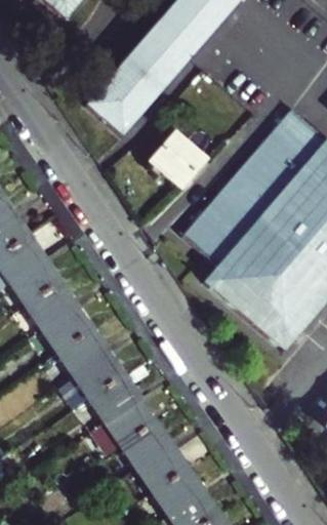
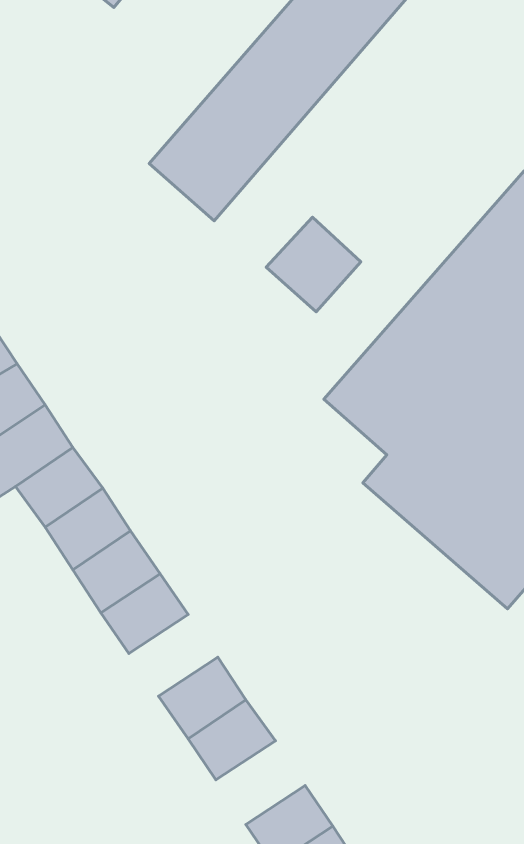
building: [59,353,123,408] -> none
building: [122,422,171,469] -> none

